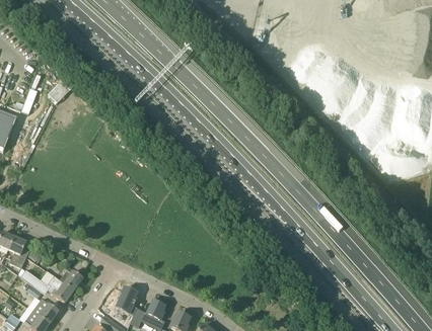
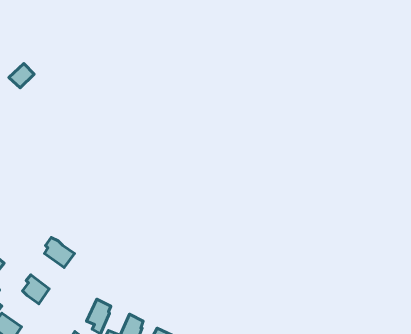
building: [48,275,74,302] -> [44,237,75,268]

